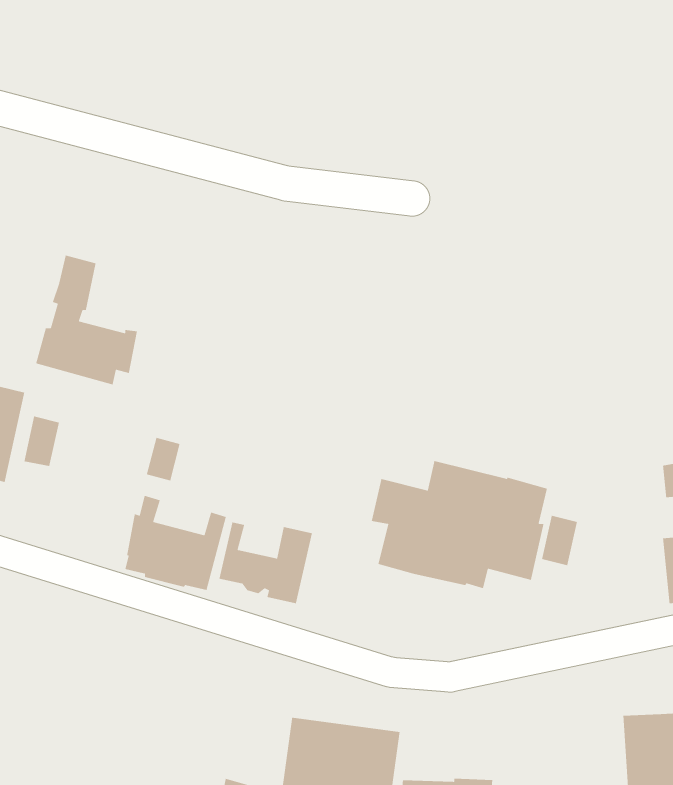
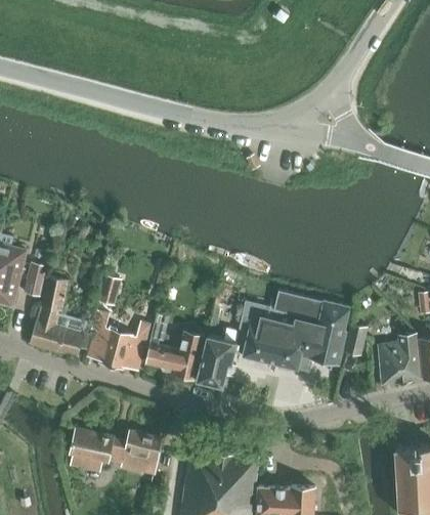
building: [35,255,138,385] -> [30,275,93,356]
building: none -> [198,328,250,386]
building: none -> [379,333,422,385]
building: none -> [69,428,163,475]

